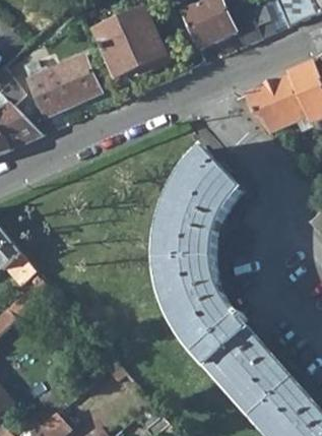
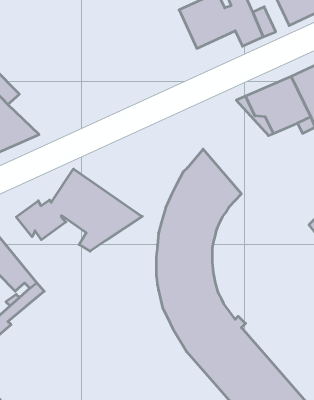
building: [96,8,170,74] -> none
building: [23,55,100,115] -> none
building: none -> [16,169,142,251]

